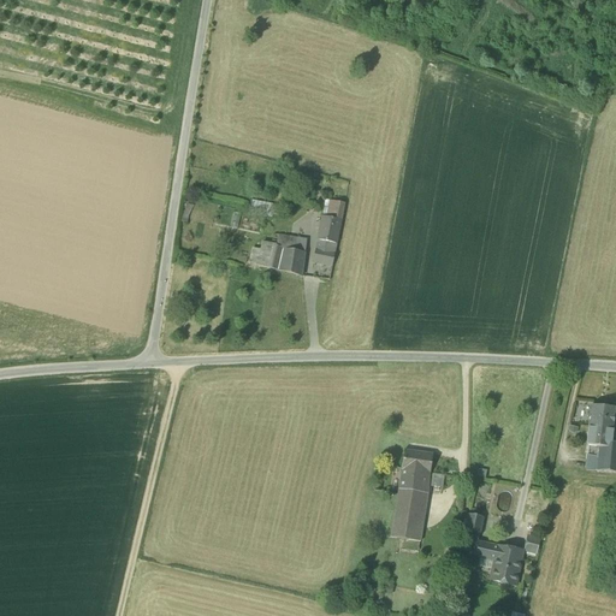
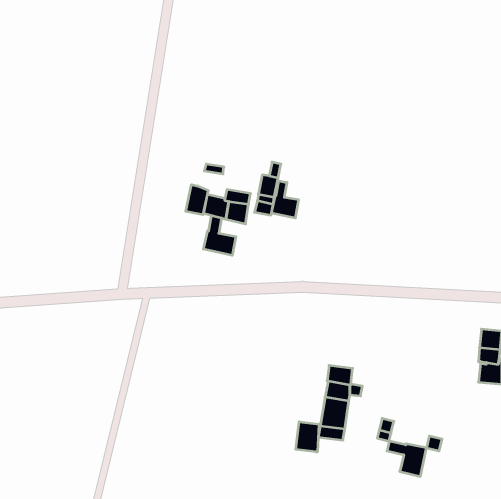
building: none -> [271,181,298,218]
building: none -> [186,185,208,215]
building: none -> [203,216,236,255]
building: none -> [296,422,319,452]

